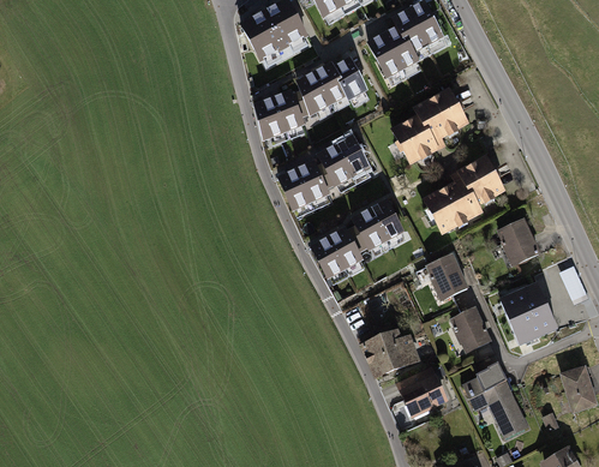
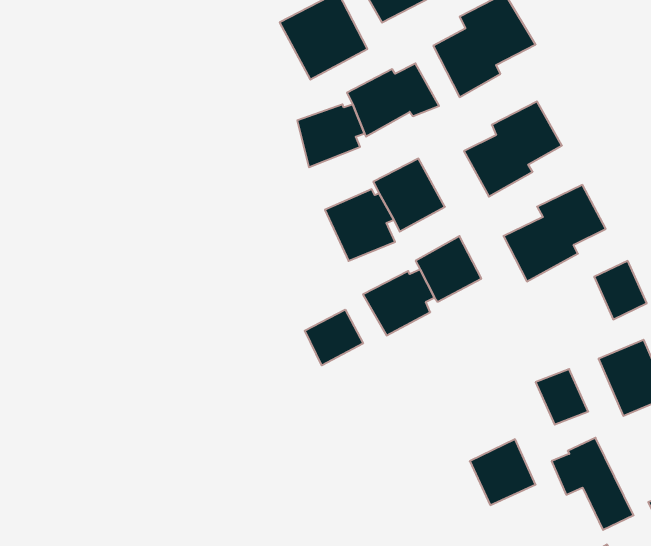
building: [425,252,468,300] -> none
building: none -> [305,310,363,365]
building: [360,329,421,378] -> none

